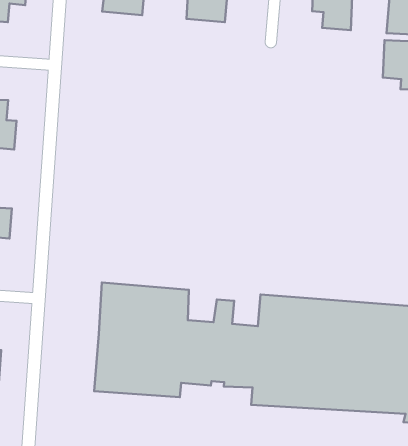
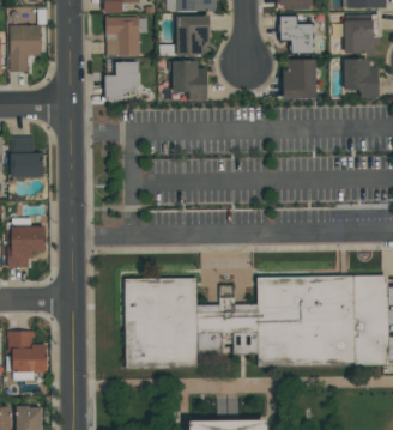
building: none -> [104,61,139,99]
building: none -> [171,60,207,99]
building: none -> [283,59,316,98]

